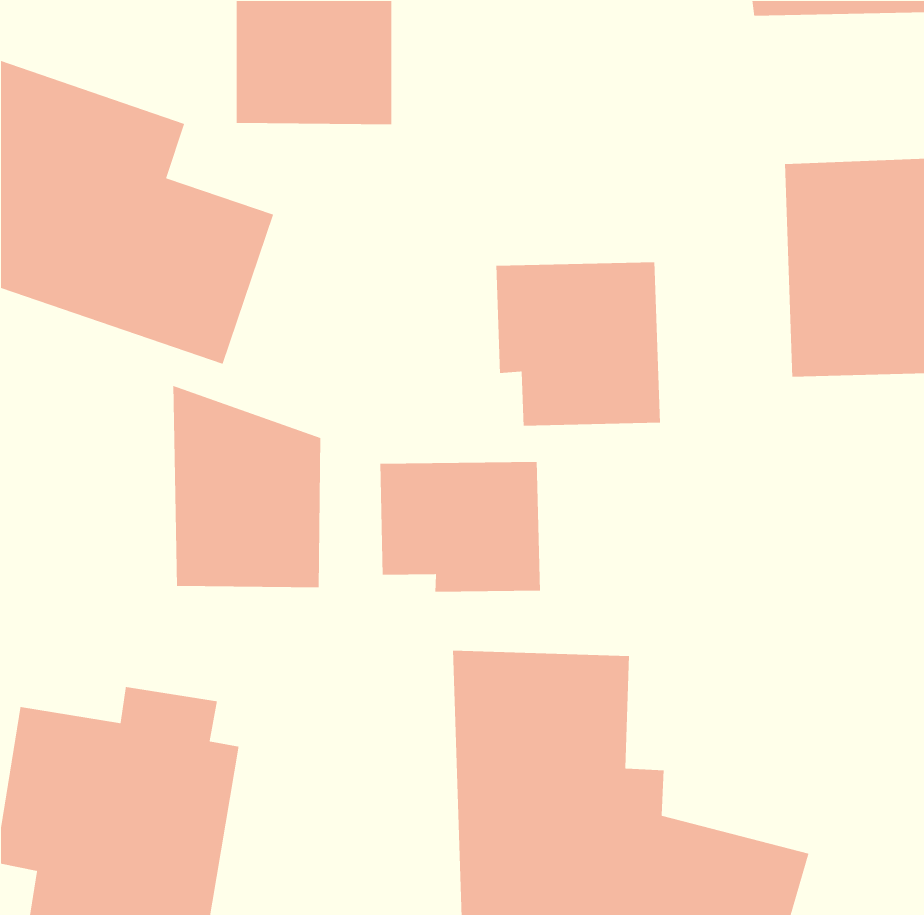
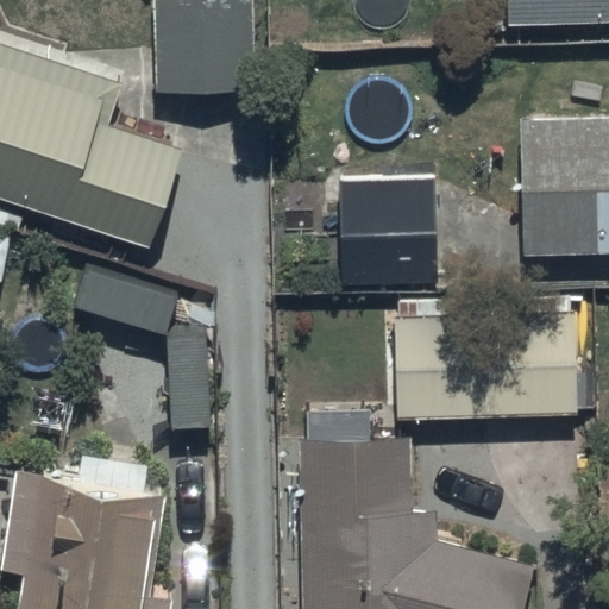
building: none -> [393,310,582,419]
building: [380,461,541,593] -> none

